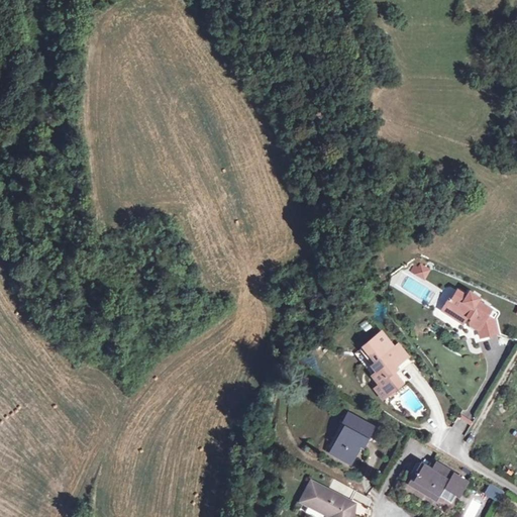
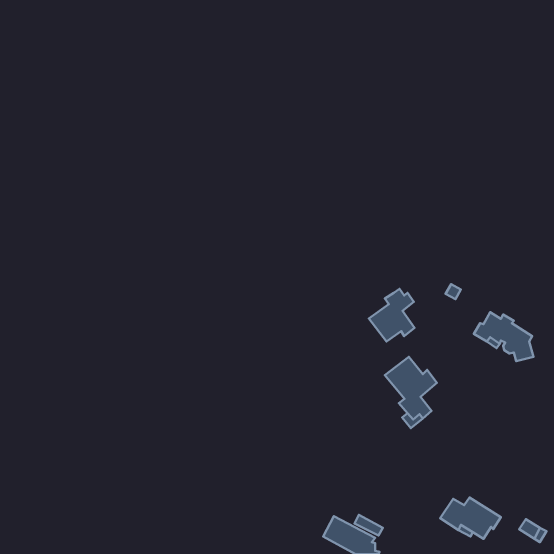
building: none -> [369,289,415,342]
building: [331,413,375,462] -> none

